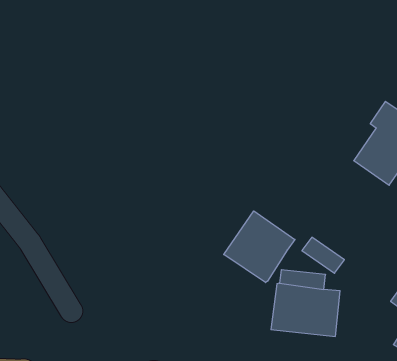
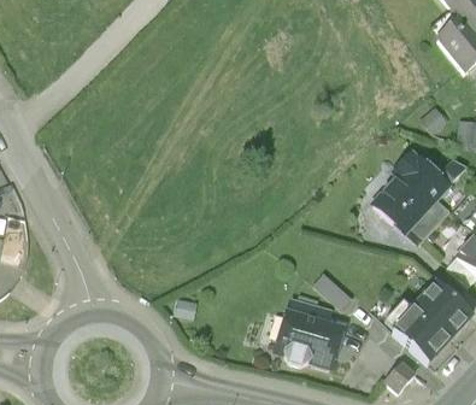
building: [224,211,295,283] -> none

